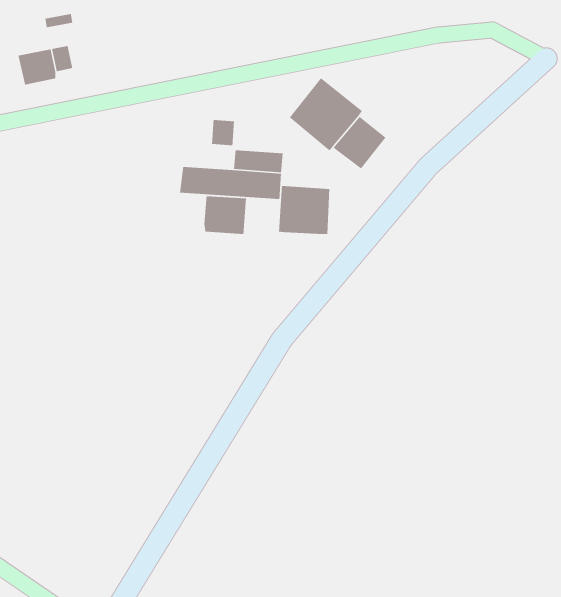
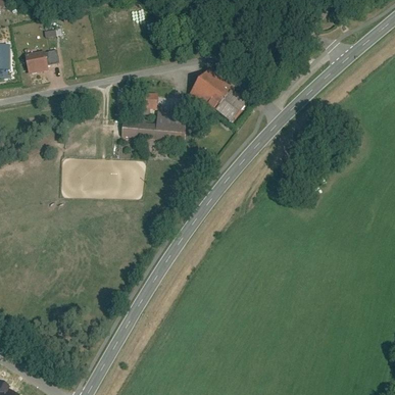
building: [278,185,330,235] -> none
building: [204,195,247,235] -> none

